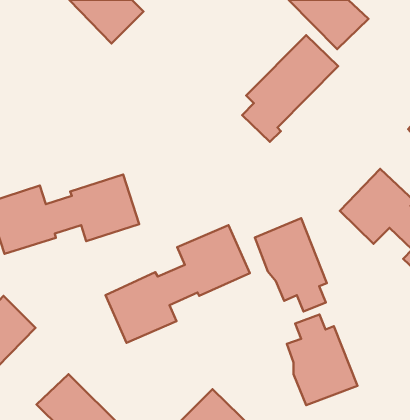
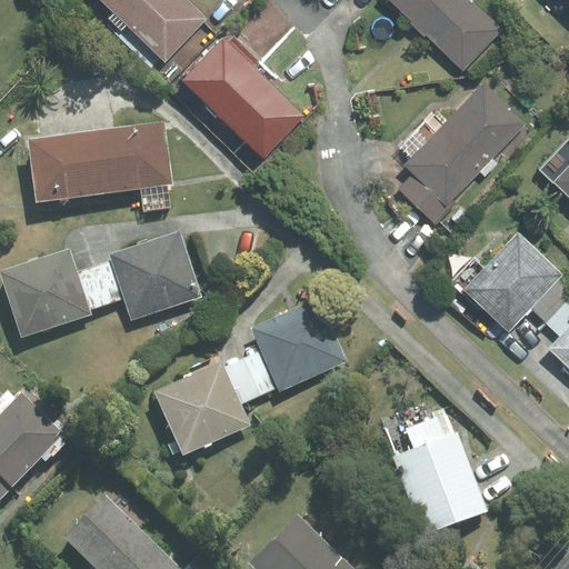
building: none -> [184,29,306,152]
building: [242,35,338,142] -> [397,80,523,221]
building: none -> [29,123,171,202]
building: [255,218,327,312] -> none

